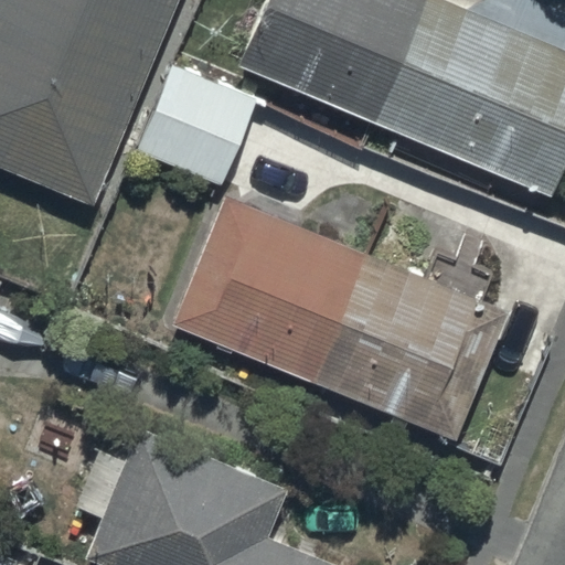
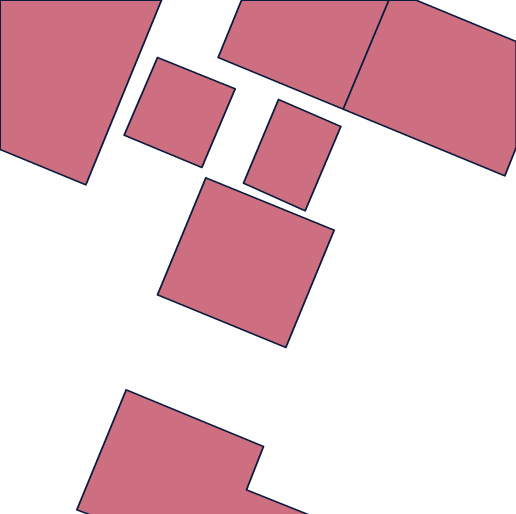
building: none -> [244,100,341,211]
building: [312,254,509,440] -> none

